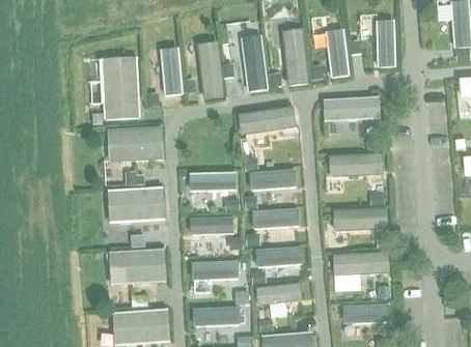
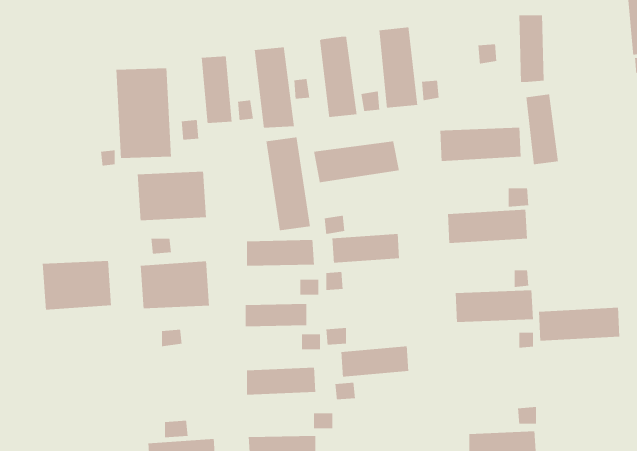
building: [326,28,349,77] -> [525,94,559,165]
building: none -> [266,136,311,231]
building: [252,207,299,228] -> none
building: [119,249,167,283] -> [42,260,112,310]
building: [333,251,389,274] -> [538,307,620,342]
building: [255,282,301,305] -> none

